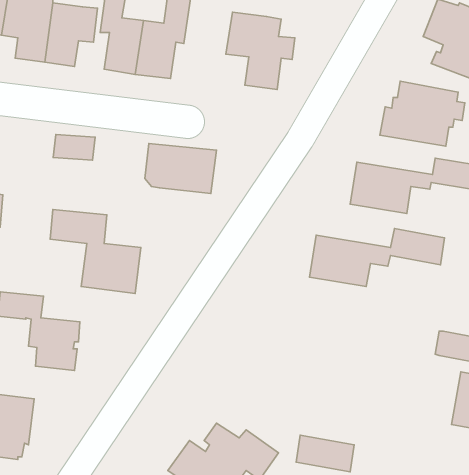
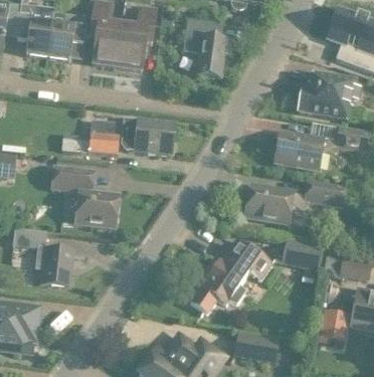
building: [53,134,95,160] -> [87,136,119,155]
building: none -> [190,240,270,313]
building: none -> [283,241,322,268]
building: none -> [319,311,349,345]

